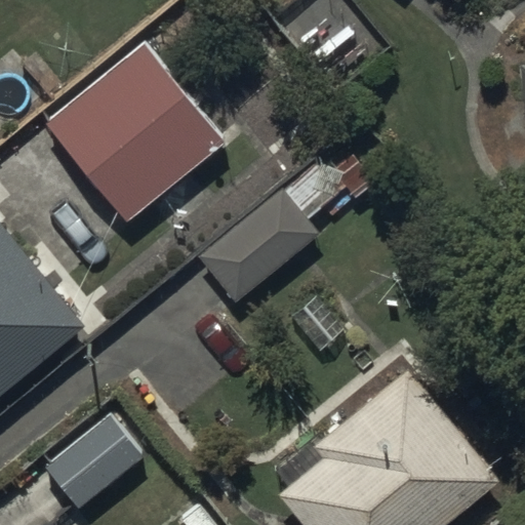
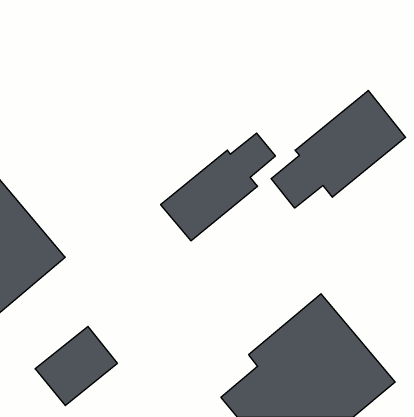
building: [41,39,224,221] -> none
building: none -> [271,90,406,208]

